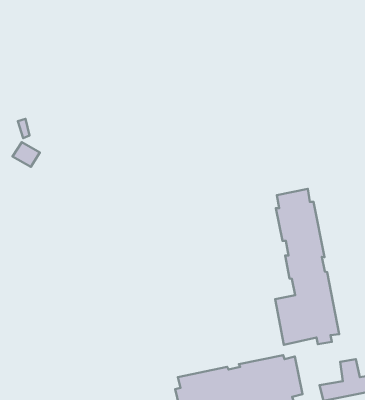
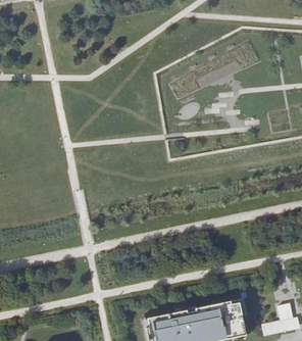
building: [275,189,339,345] -> none

